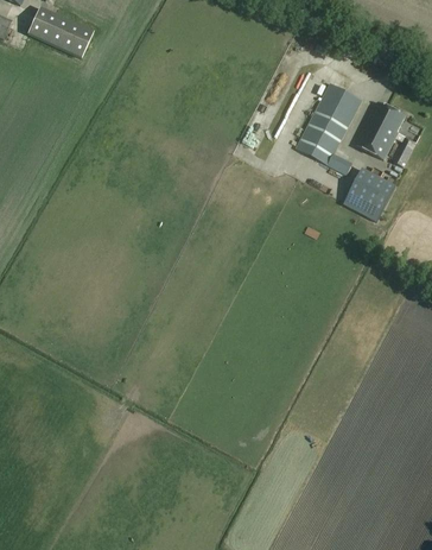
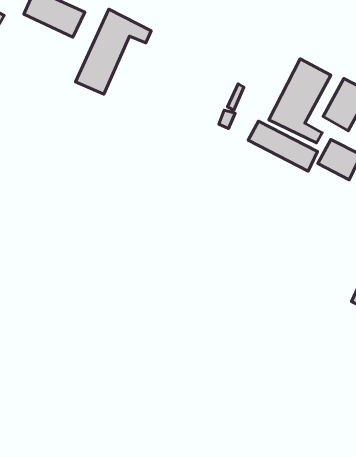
building: none -> [76,9,151,94]
building: none -> [248,121,318,171]

